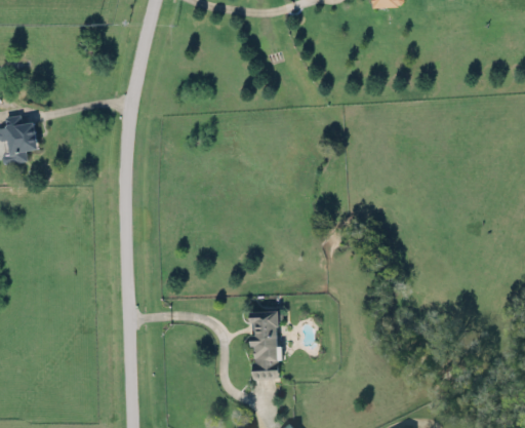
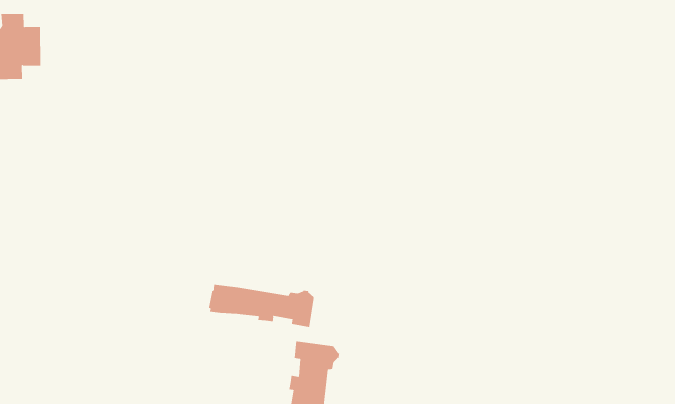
building: none -> [208,284,314,328]

